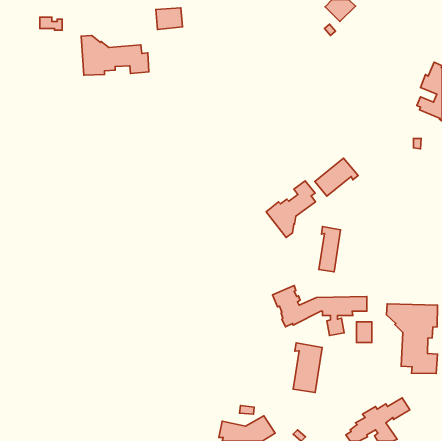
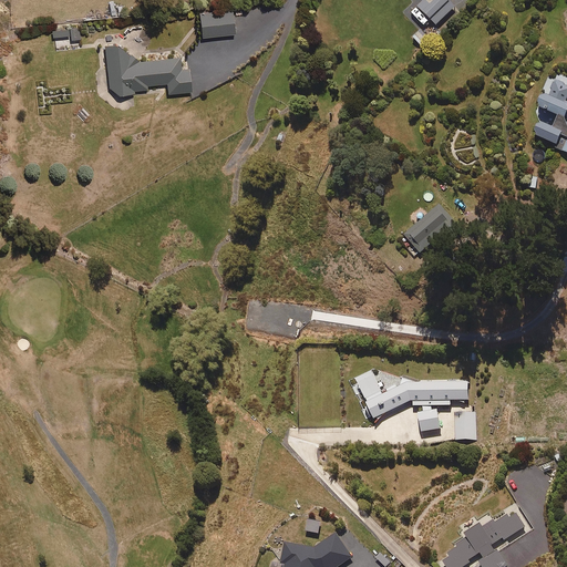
building: [266,181,316,237] -> none
building: [319,226,341,272] -> none
building: [387,304,437,373] -> none
building: [293,343,322,393] -> none

